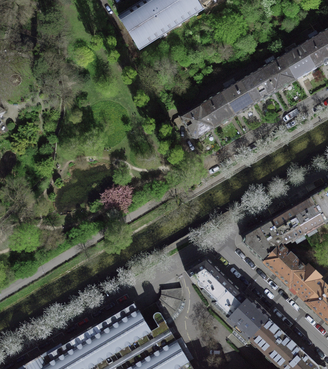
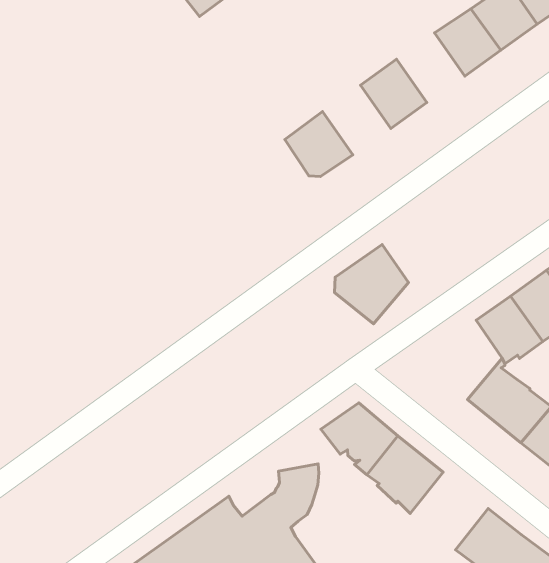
building: [241,68,276,104] -> none
building: [200,92,235,128] -> none
building: [244,220,283,261] -> [335,245,408,324]
building: [228,298,269,339] -> none

